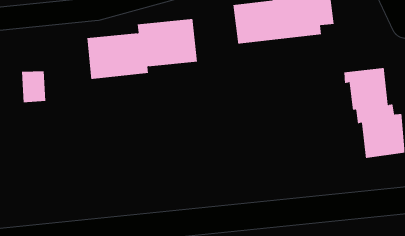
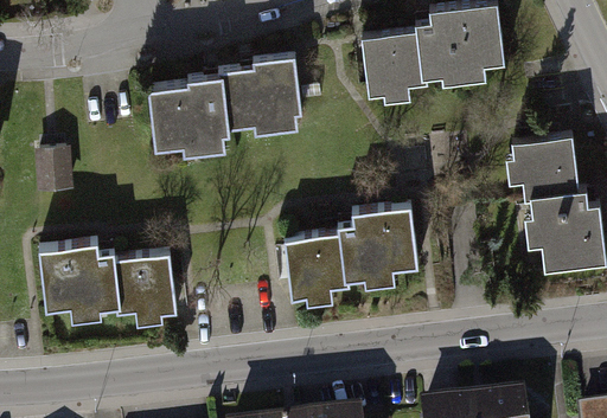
building: none -> [274,204,415,292]
building: none -> [41,244,174,326]

